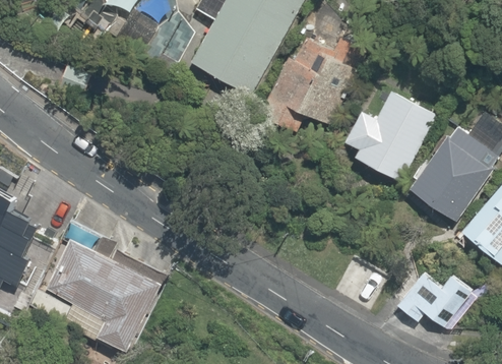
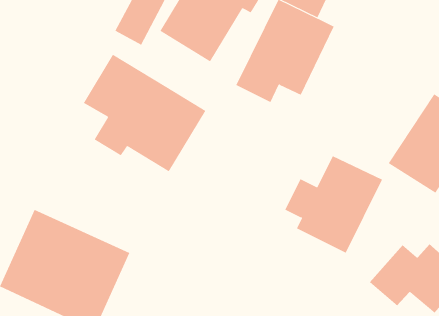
building: none -> [83,54,206,172]
building: [344,84,440,180] -> [285,155,383,253]

